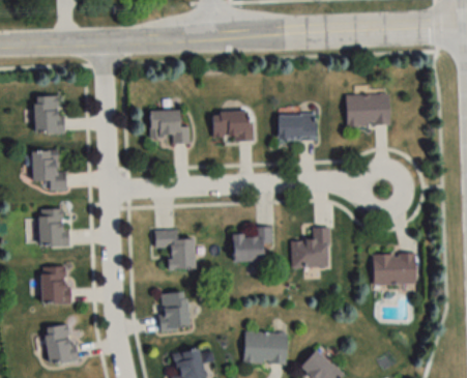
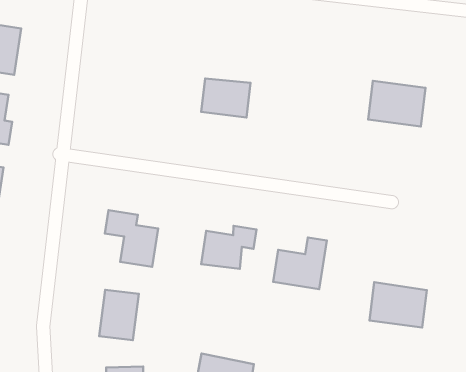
building: [149,110,191,144] -> none
building: [278,114,316,139] -> none

